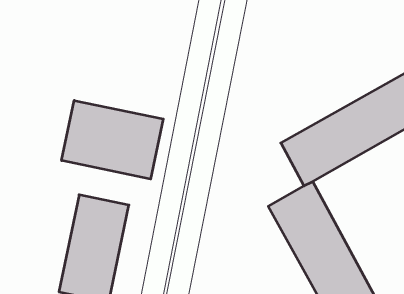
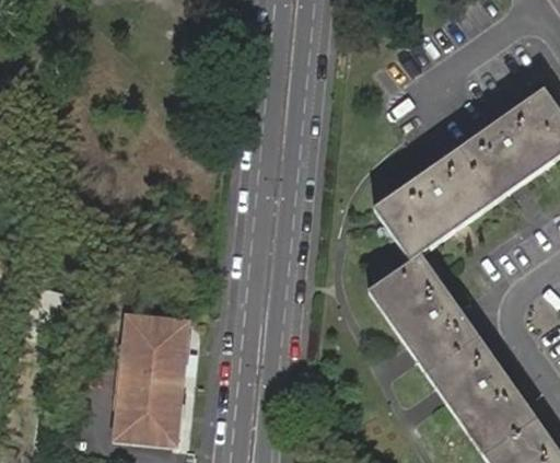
building: [62,100,163,179] -> none

